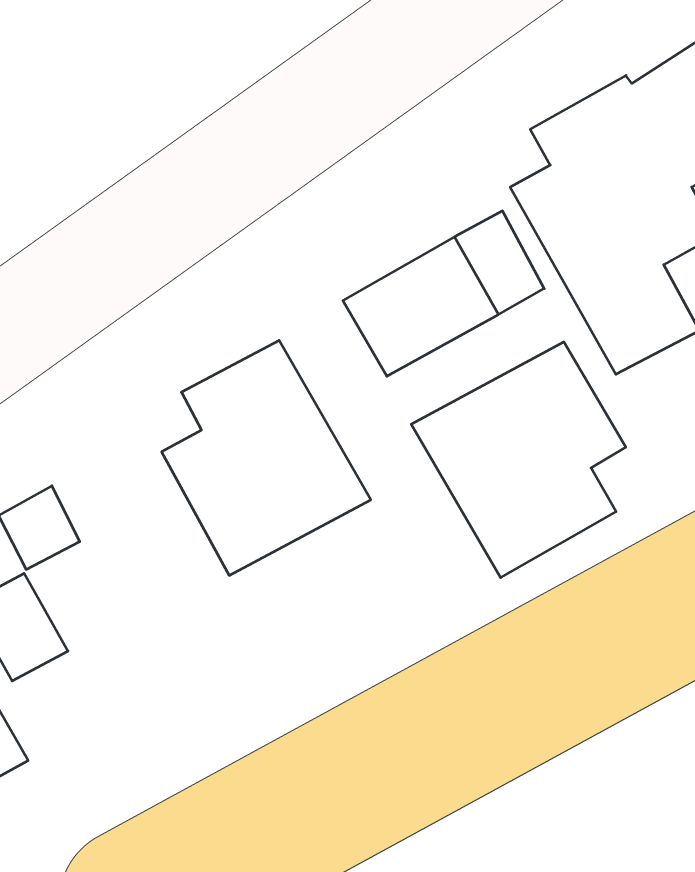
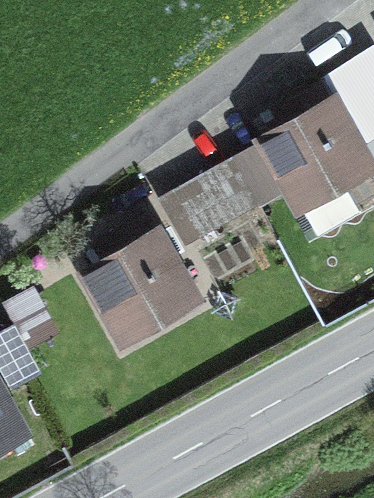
building: [411,342,626,578] -> none

